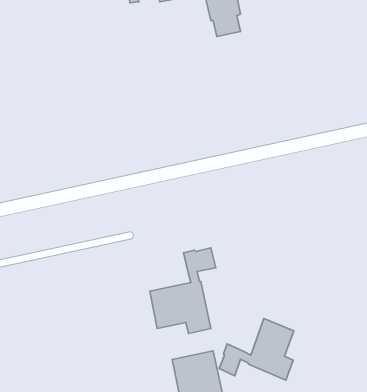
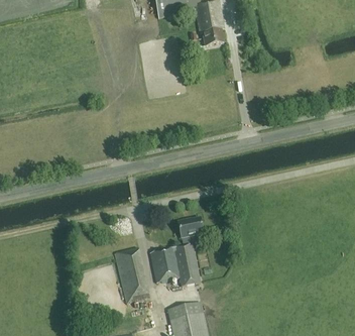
building: none -> [113,246,149,303]
building: [219,318,294,380] -> none

